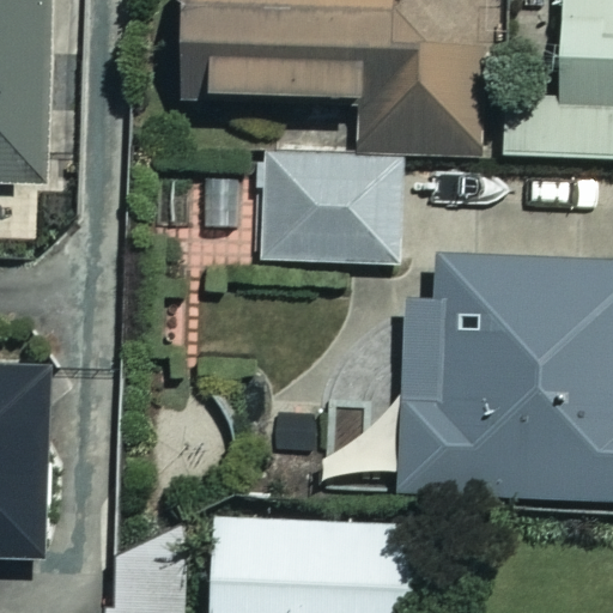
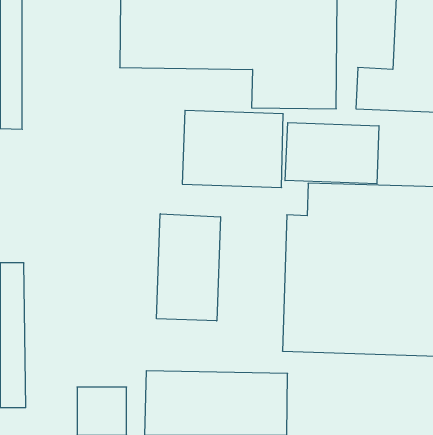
building: none -> [285,123,379,184]
building: none -> [157,214,220,321]

